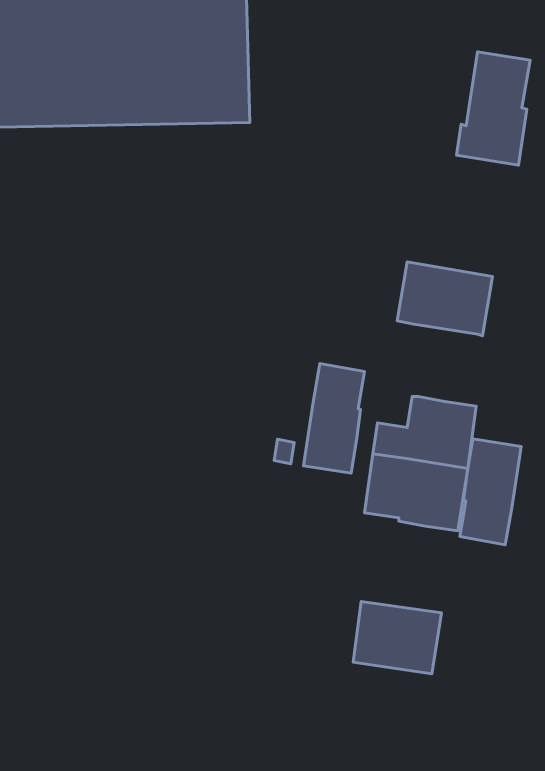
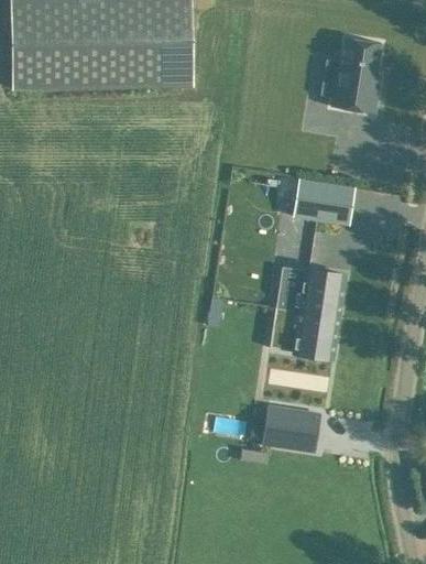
building: [304,363,364,473] -> none
building: [460,439,521,545] -> none

